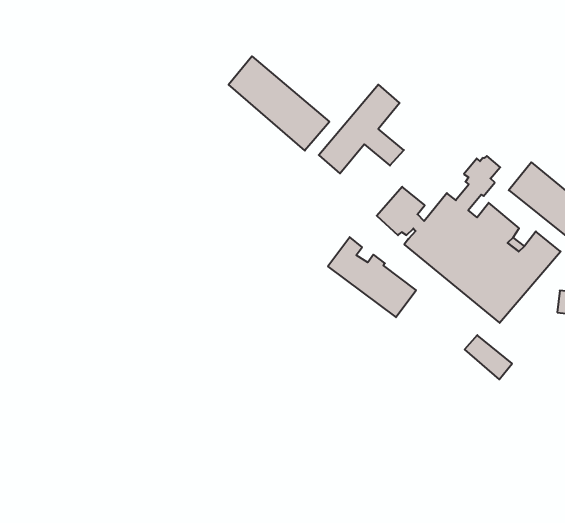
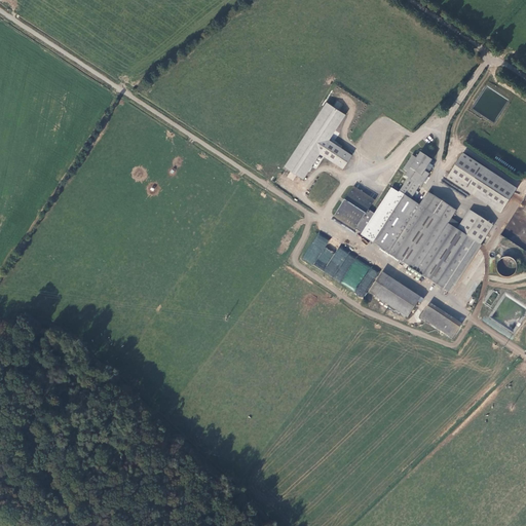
building: [229,56,329,151] -> none
building: none -> [369,272,421,317]

